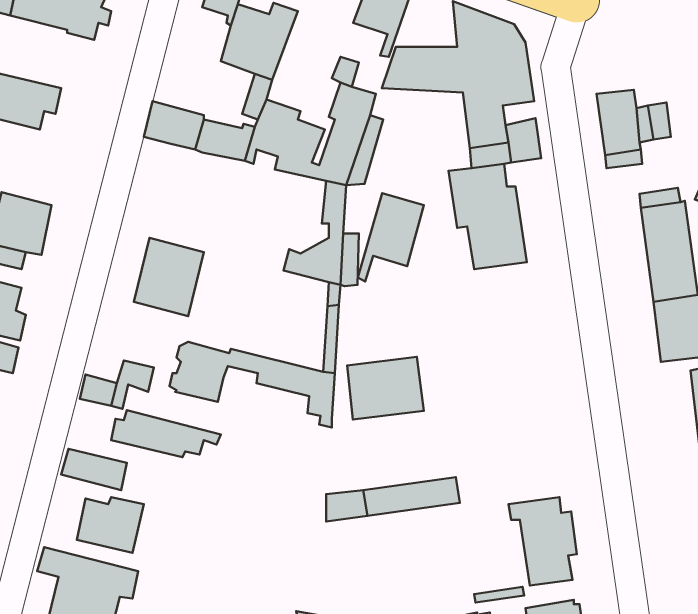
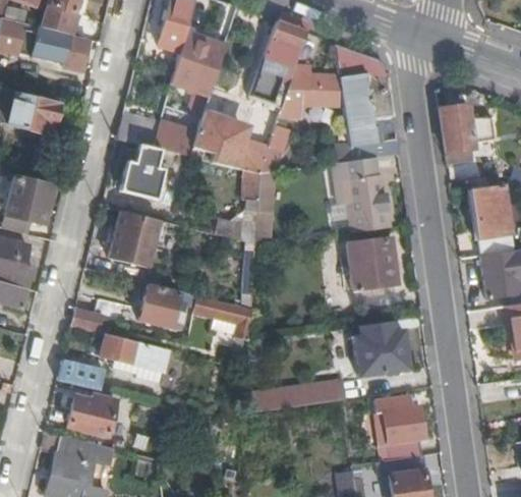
building: none -> [119,143,164,199]
building: [358,193,424,281] -> none
building: none -> [348,239,399,288]
building: [347,357,424,420] -> [355,330,410,375]

